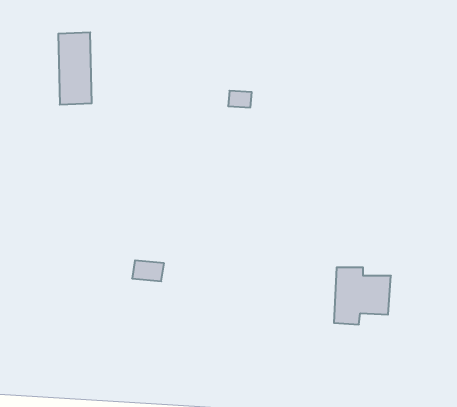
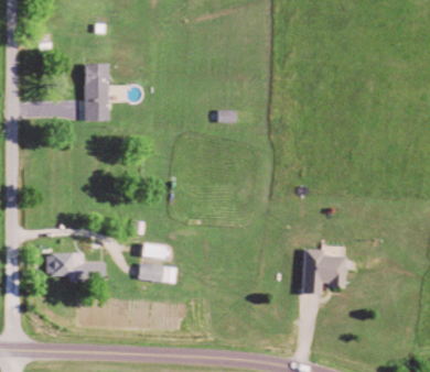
building: none -> [45,252,106,282]
building: none -> [138,263,175,282]

